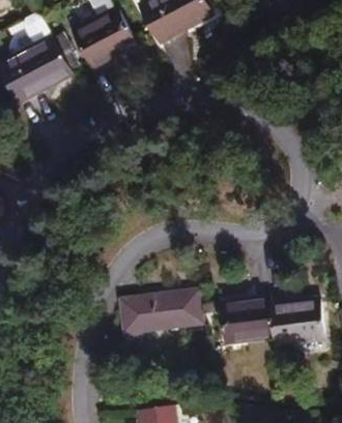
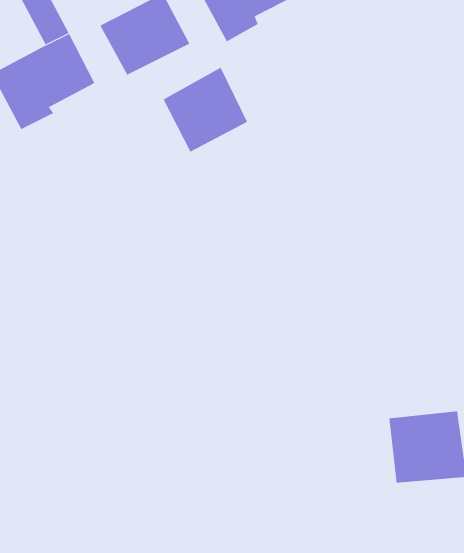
building: none -> [163,67,248,152]
building: [120,289,202,337] -> none
building: [221,296,275,341] -> none

